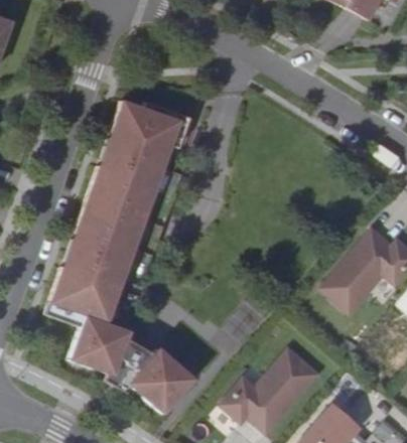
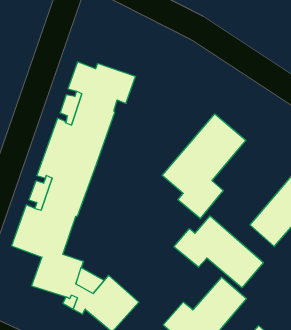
building: none -> [162,114,246,219]
building: none -> [174,216,263,288]

